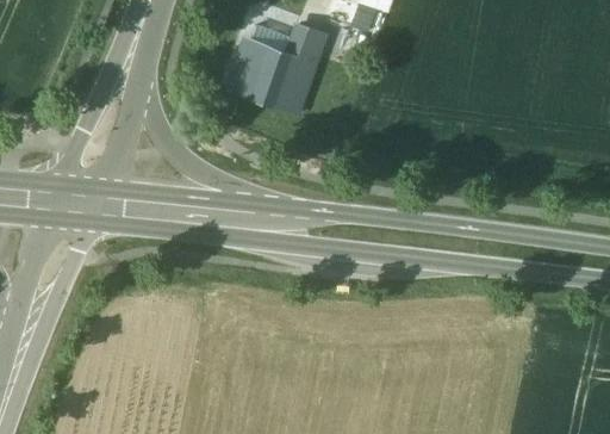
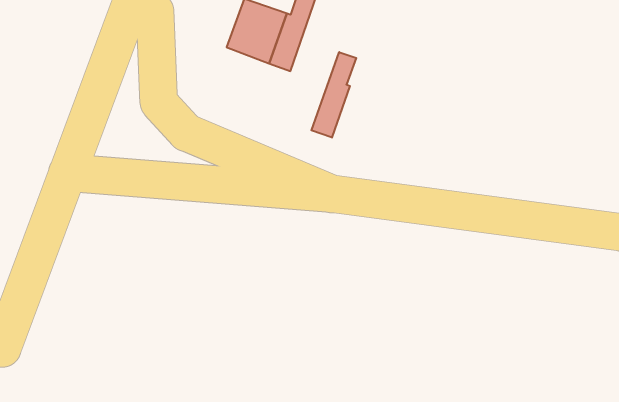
building: none -> [311,52,356,138]

